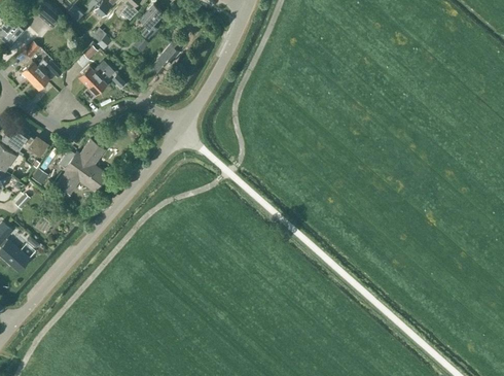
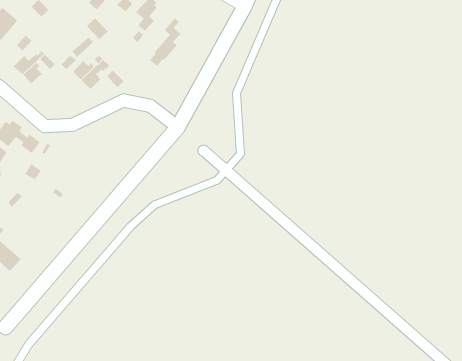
building: [57,135,110,194] -> none

